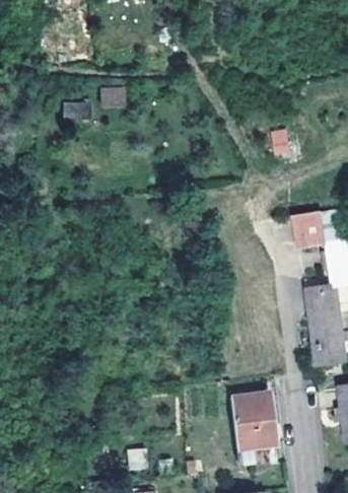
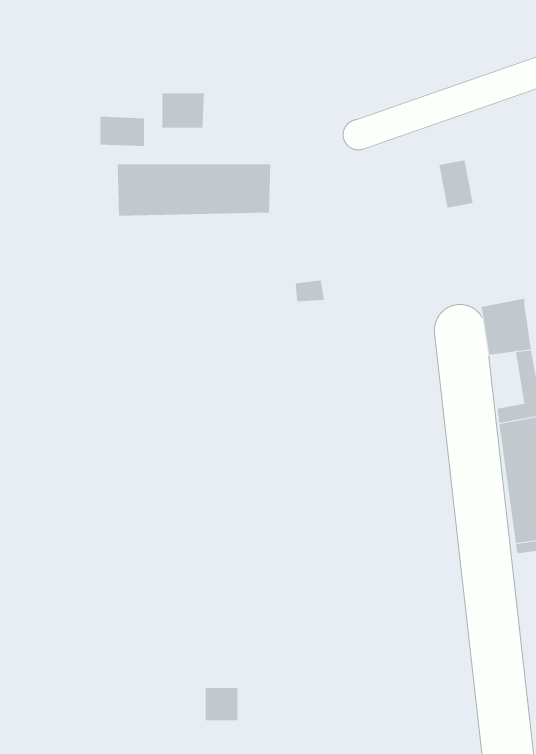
building: none -> [117,163,271,216]
building: [230,392,276,447] -> none

